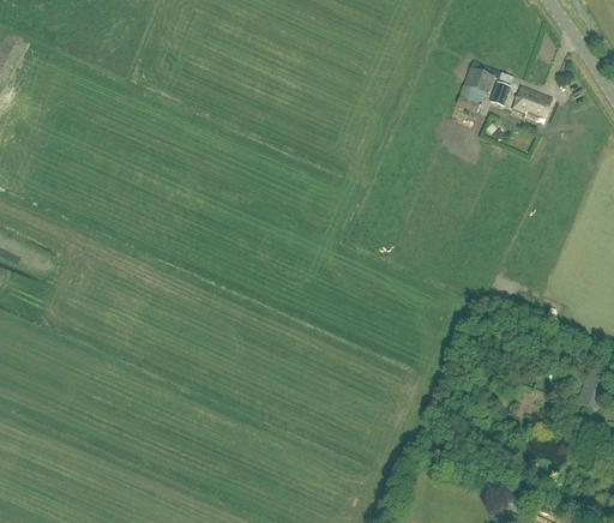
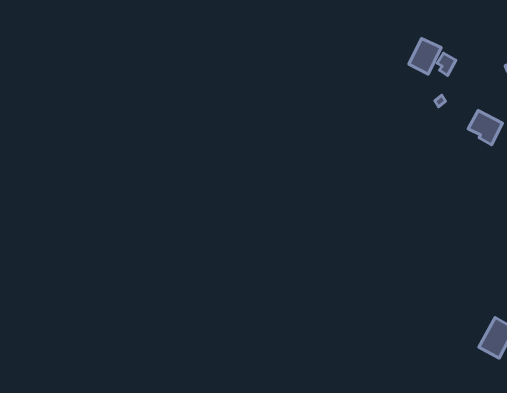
building: [511,86,548,122] -> [468,111,503,145]

